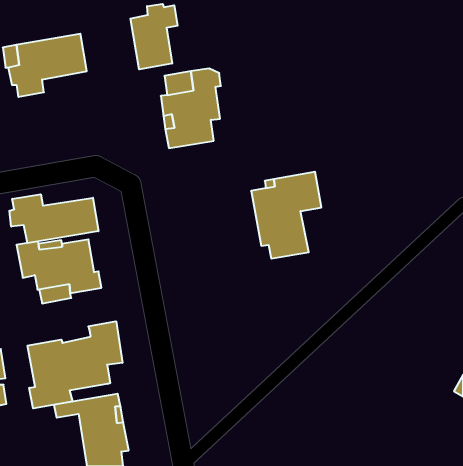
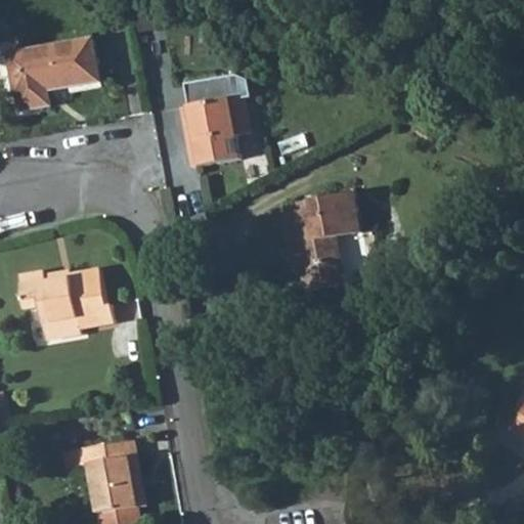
building: [130,4,178,69] -> none
building: [9,194,98,243] -> none
building: [28,321,122,408] -> none

